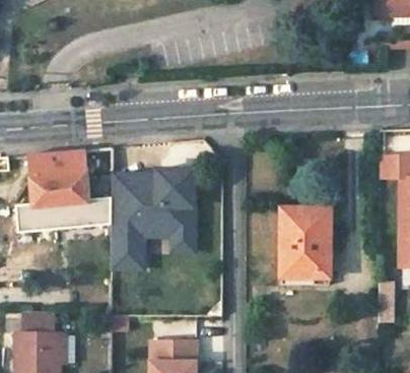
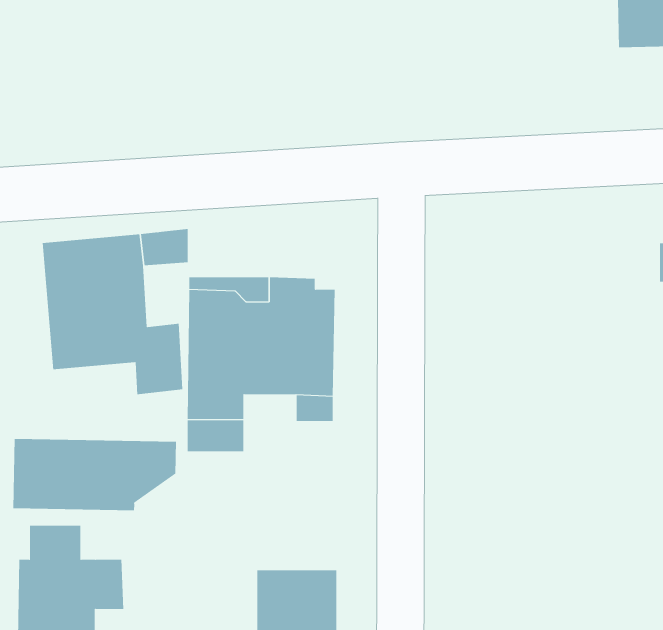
building: [280,205,332,295] -> none
building: none -> [13,438,176,511]

